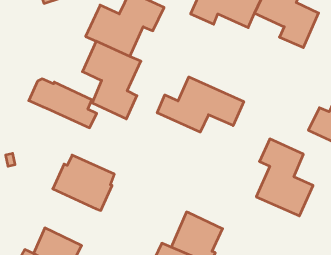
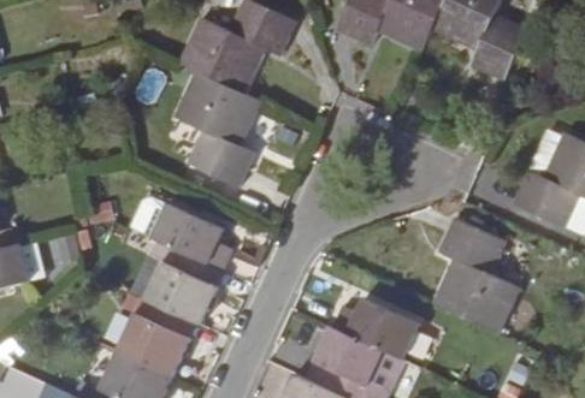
building: [157,77,244,132] -> none
building: [29,79,97,128] -> [130,197,232,271]
building: none -> [117,292,194,378]
building: none -> [333,298,420,361]

